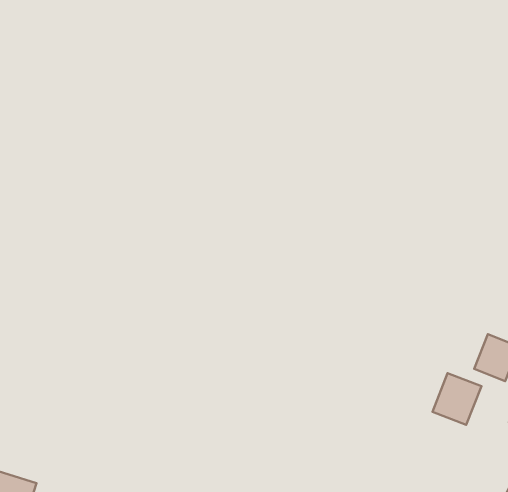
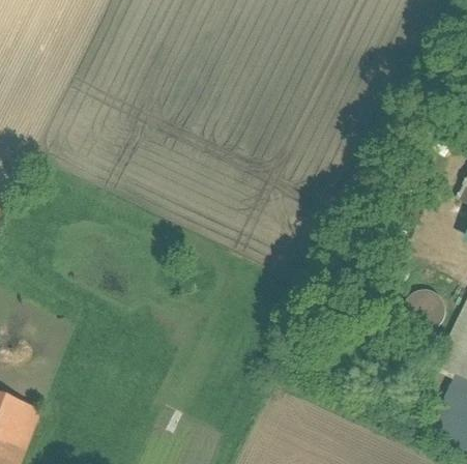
building: [432,373,481,425] -> none

